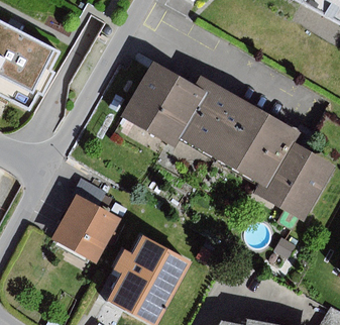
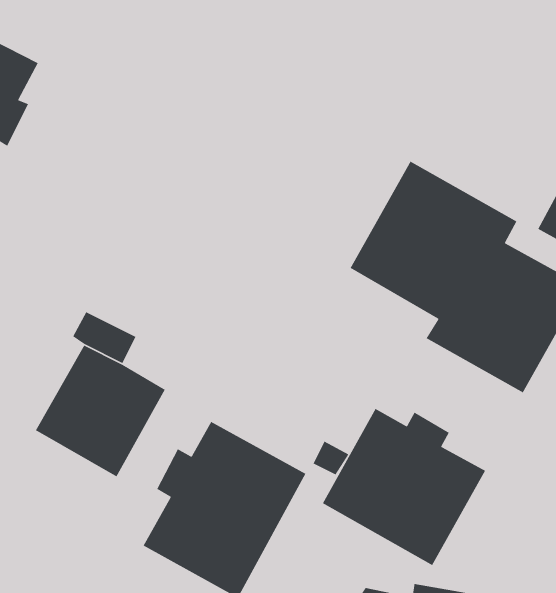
building: [123,60,246,156] -> none
building: none -> [322,408,486,566]

